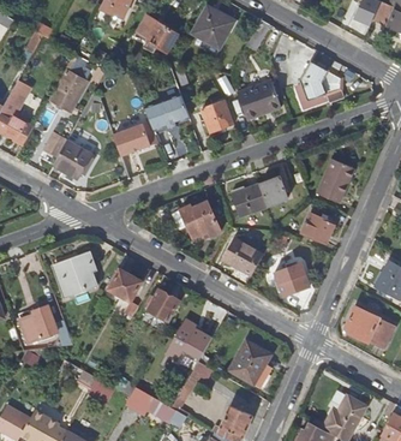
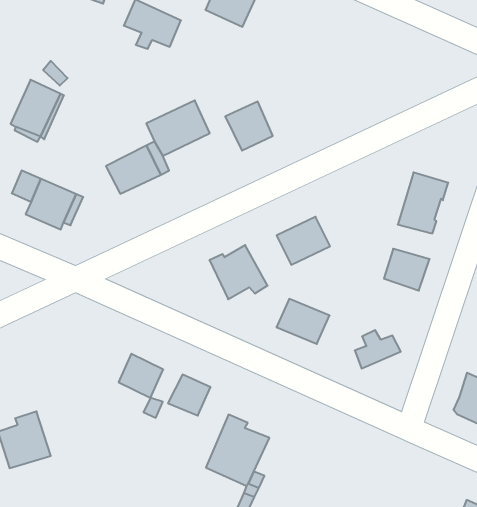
building: [294,62,343,106] -> none
building: [238,82,280,119] -> none
building: [258,177,288,208] -> none
building: [55,249,96,294] -> none
building: [235,344,275,386] -> none

